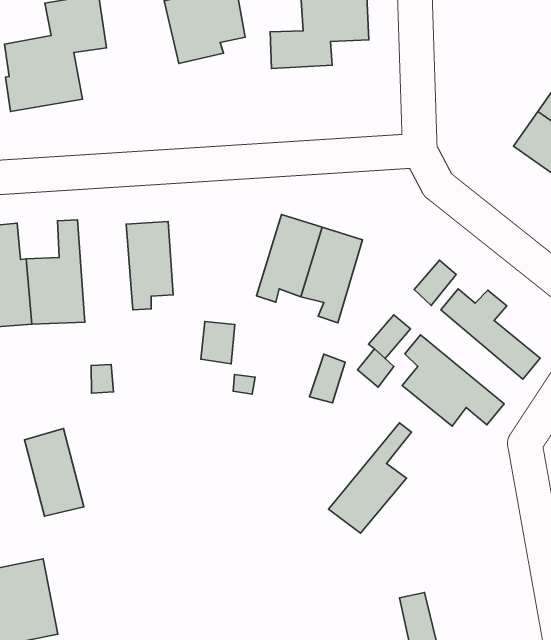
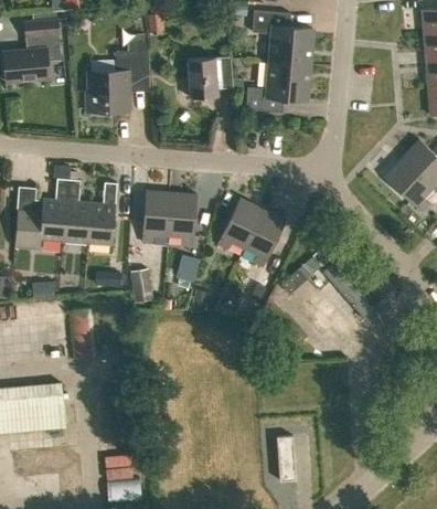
building: none -> [167,192,196,246]
building: none -> [129,266,152,301]
building: [328,423,411,533] -> none

